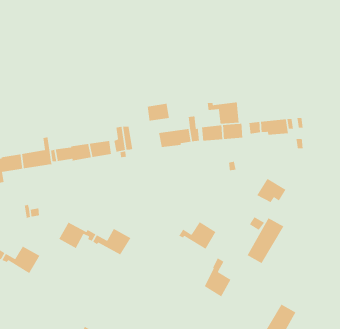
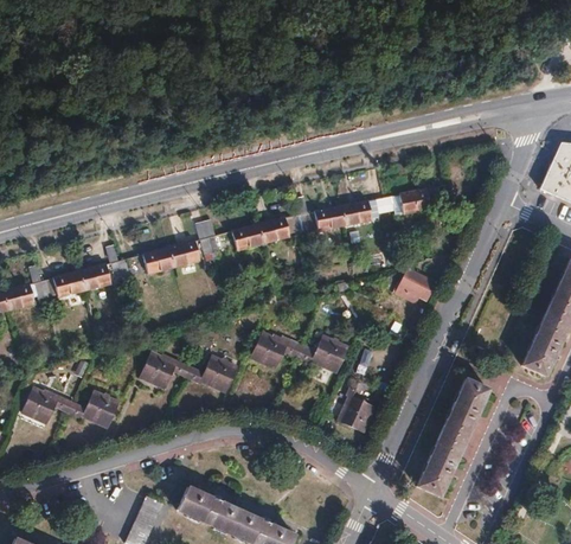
building: [207,102,240,125] -> none
building: [147,103,170,122] -> [232,224,264,251]
building: none -> [251,333,303,369]
building: [246,217,285,264] -> [443,379,489,442]

